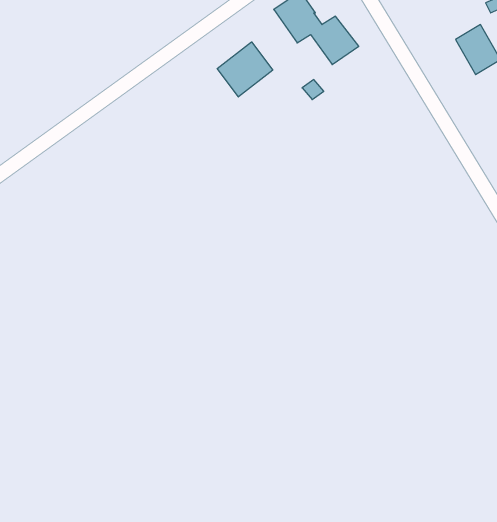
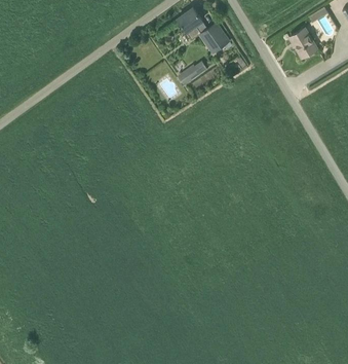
building: [217,42,273,97] -> none

